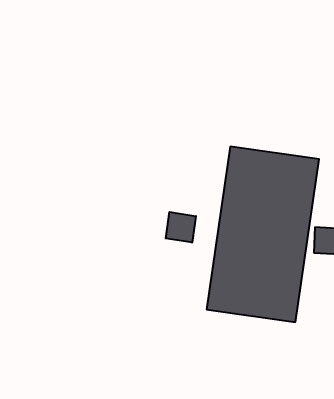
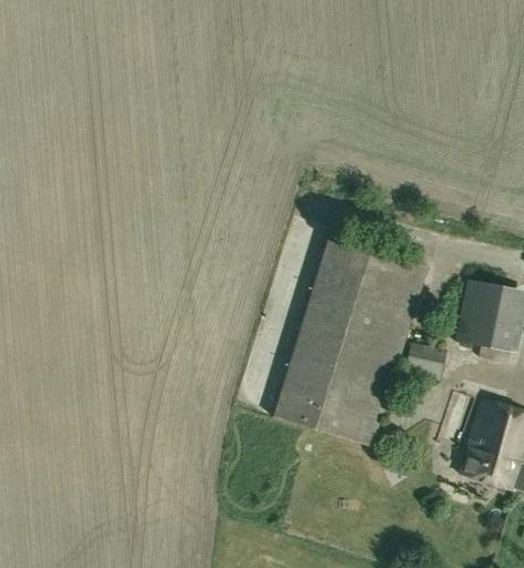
building: [166,212,196,243] -> none

